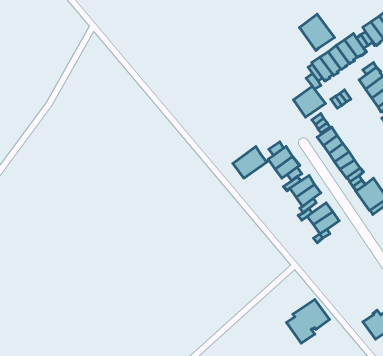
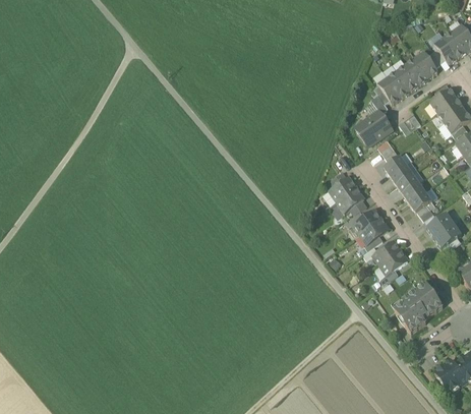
building: [299,14,335,50] -> none
building: [233,146,267,178] -> none
building: [287,300,329,343] -> [395,283,443,332]

